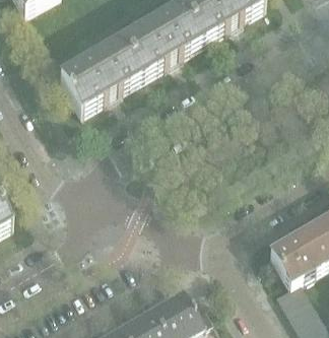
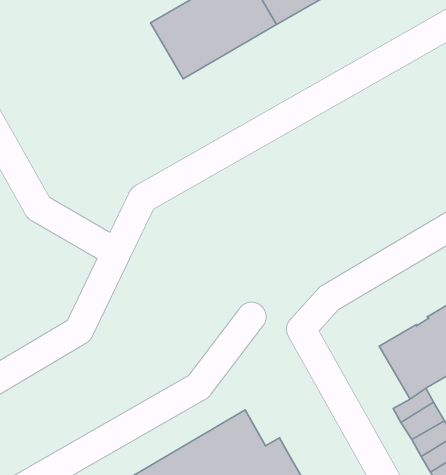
building: [59,37,141,109] -> none

